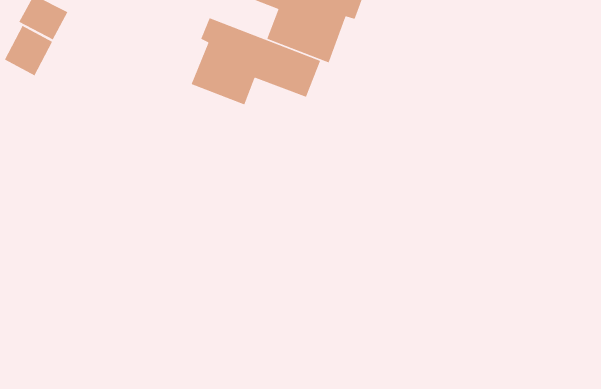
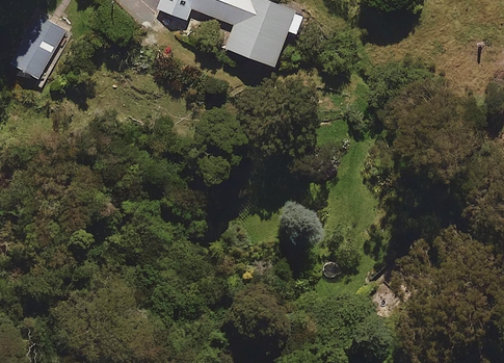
building: [190,17,321,106] -> none

